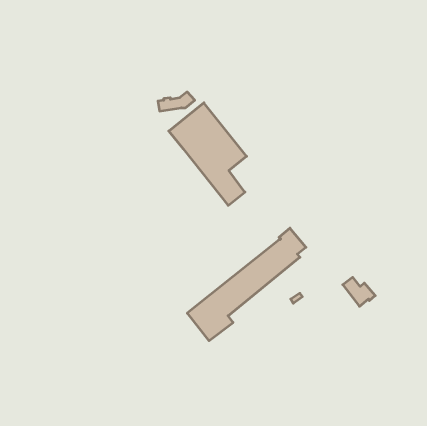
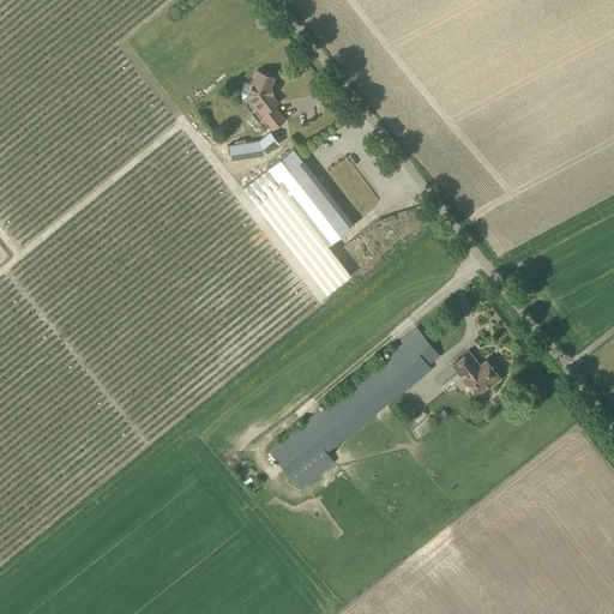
building: none -> [247,71,285,132]
building: [343,277,375,306] -> [455,353,501,395]

